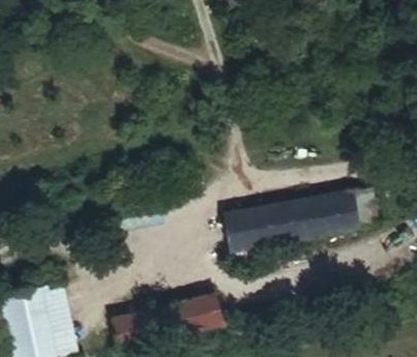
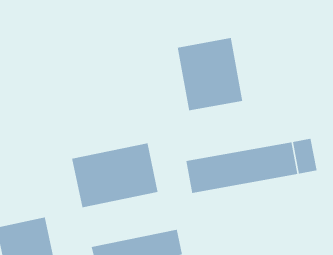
building: none -> [177,37,243,111]
building: none -> [72,142,158,208]

